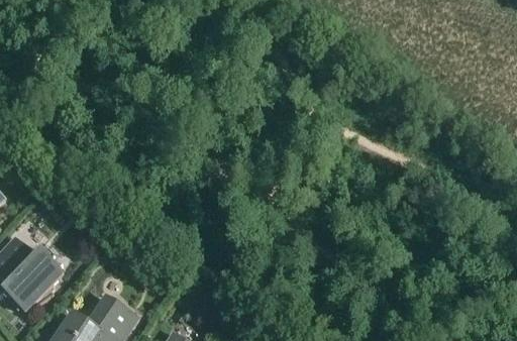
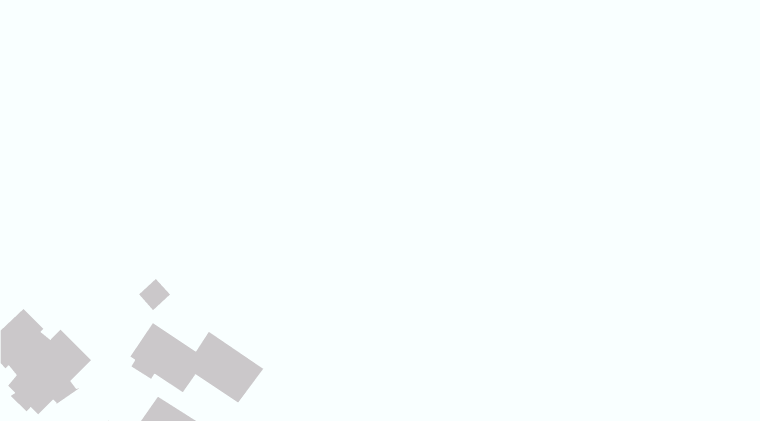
building: none -> [129,322,264,404]

